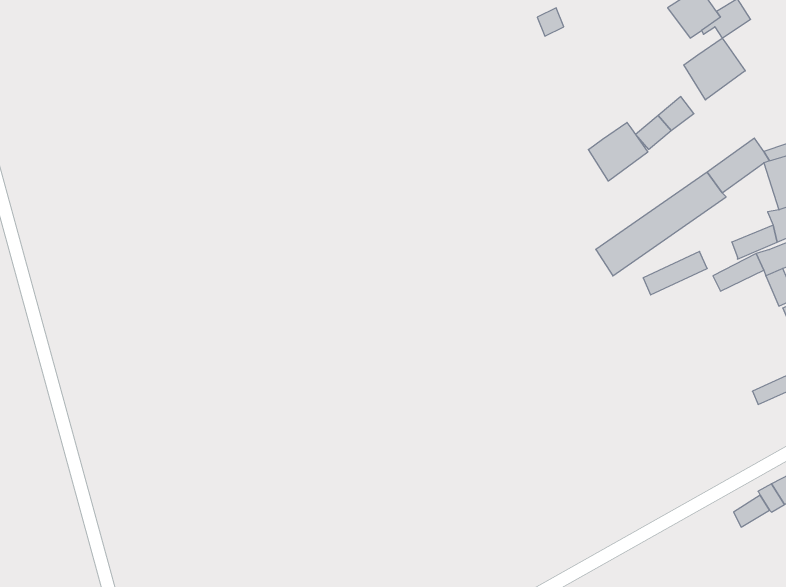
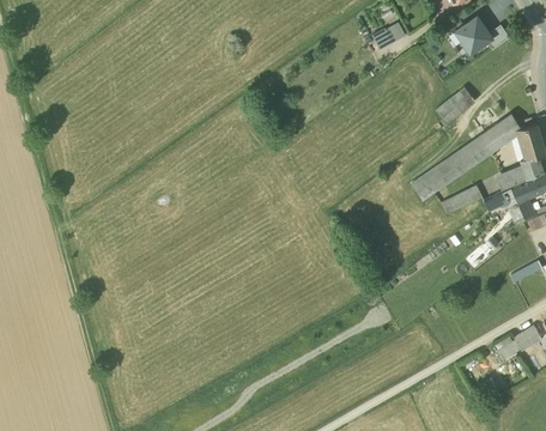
building: [684,38,745,100] -> none
building: [588,122,648,181] -> none

